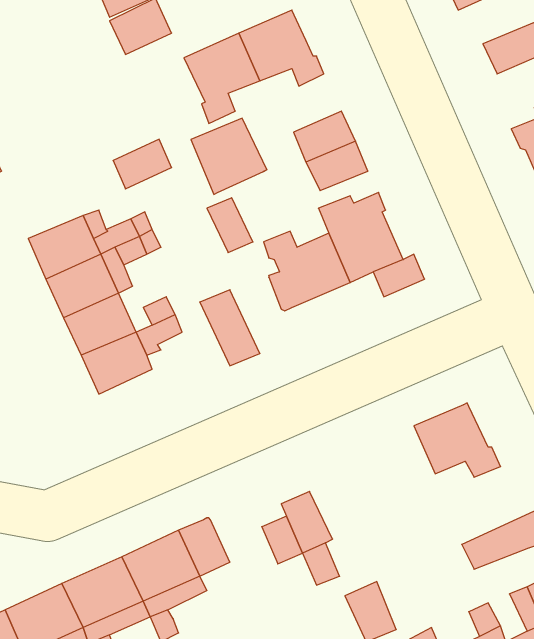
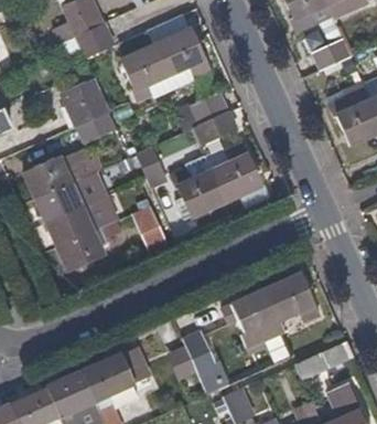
building: [191,118,267,194] -> [62,77,109,125]
building: none -> [231,289,283,346]

